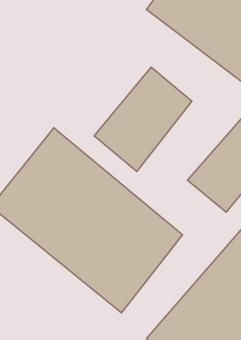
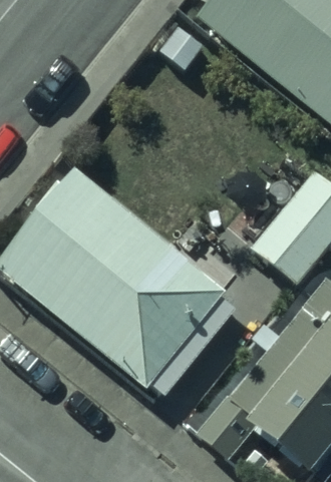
building: [94,67,192,171] -> none

